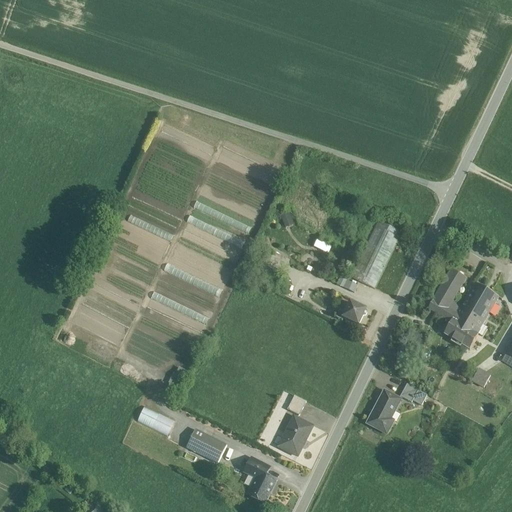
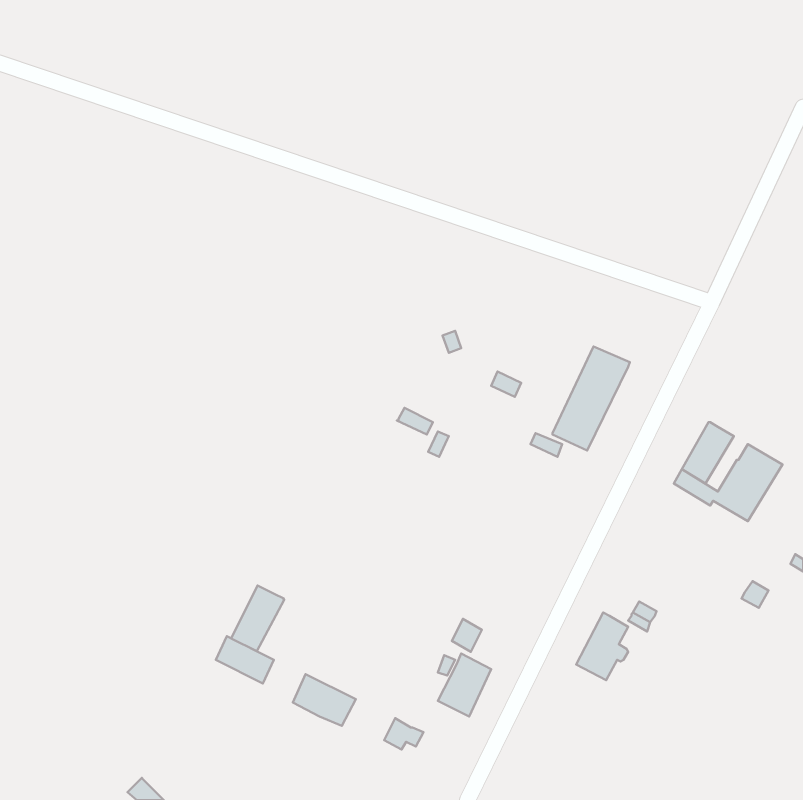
building: [335,300,366,323] -> none
building: [444,319,477,347] -> none
building: none -> [231,585,284,651]
building: [244,471,275,502] -> none

